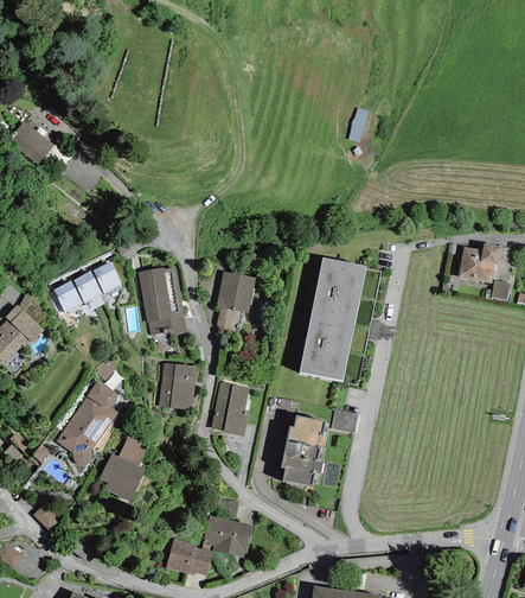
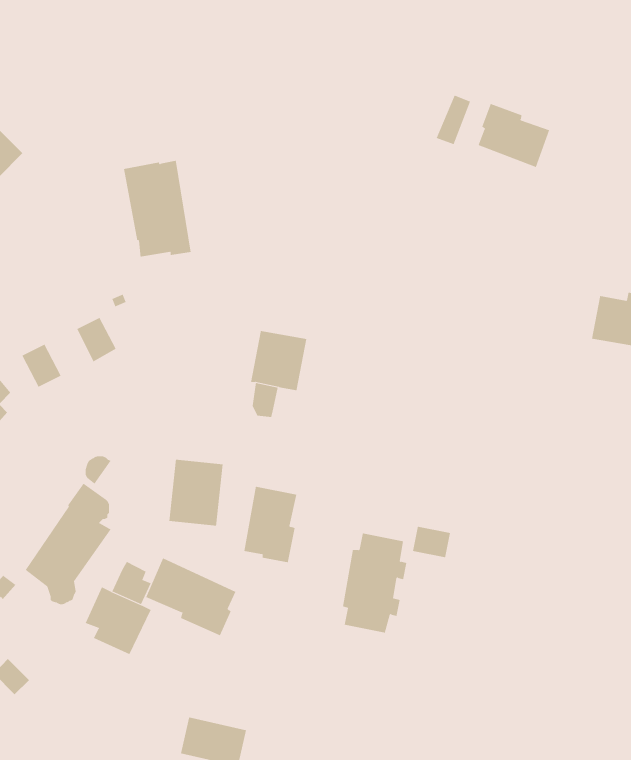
building: none -> [478,103,550,168]
building: [300,256,366,380] -> none
building: [137,266,186,335] -> [123,160,192,257]
building: [72,269,102,303] -> none
building: none -> [145,557,236,636]
building: [203,521,251,558] -> none

